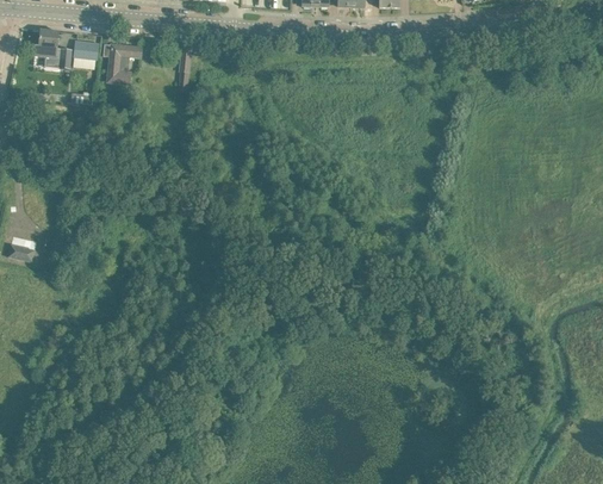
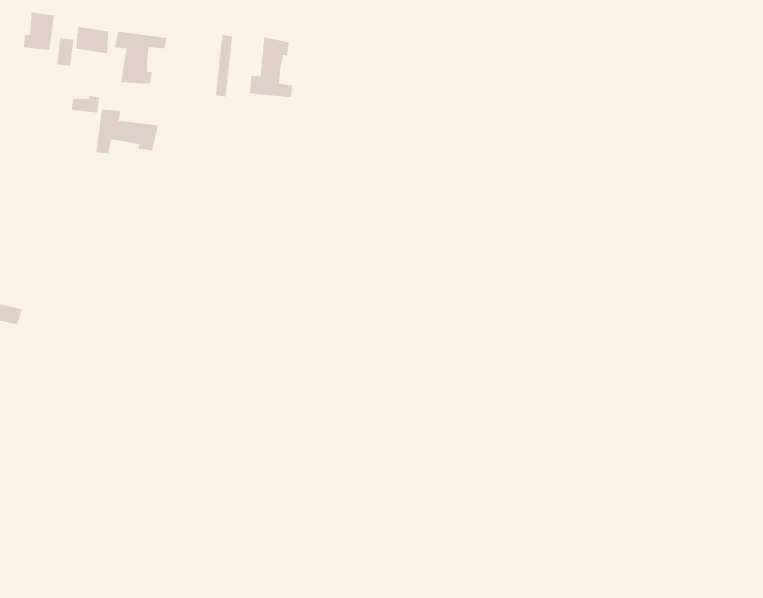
building: none -> [250,36,293,98]
building: none -> [96,109,159,154]

